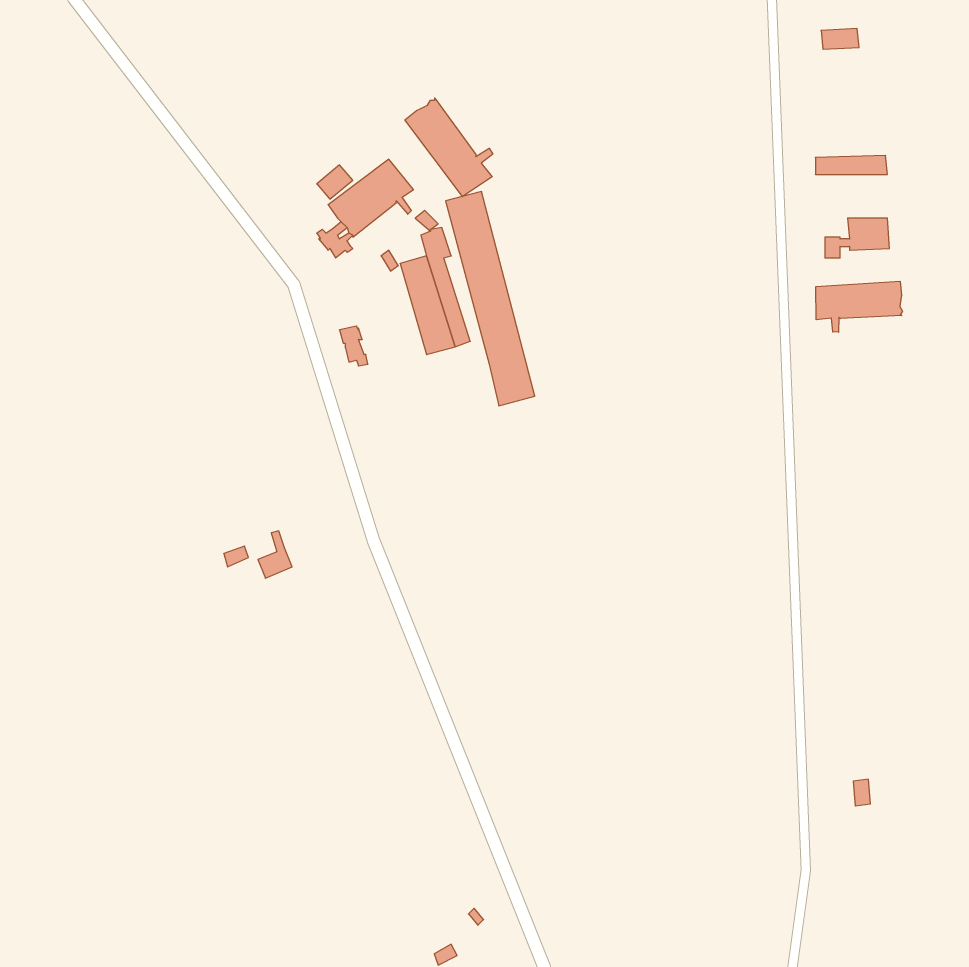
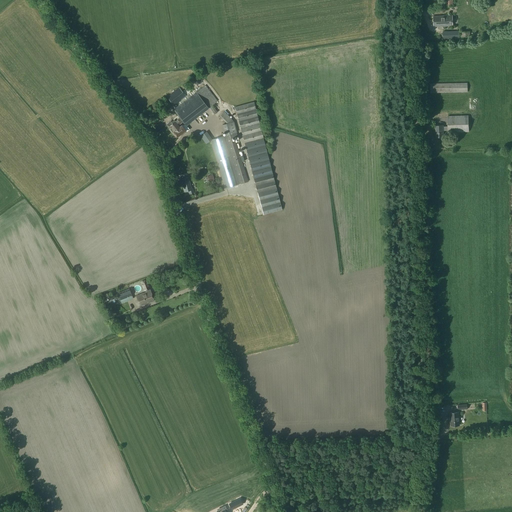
building: [405,98,493,197] -> none
building: [816,281,902,332] -> none

